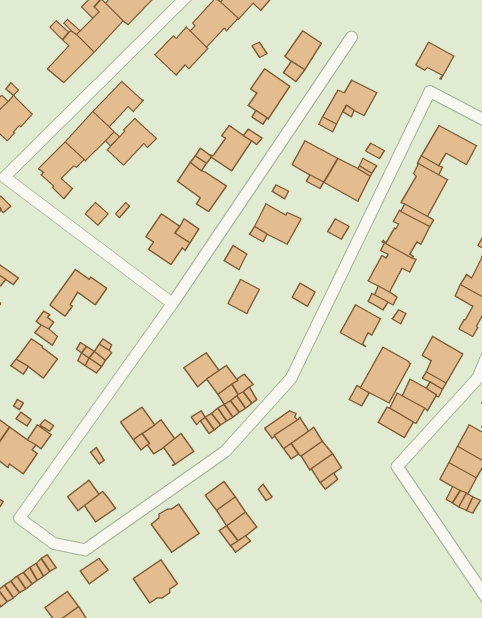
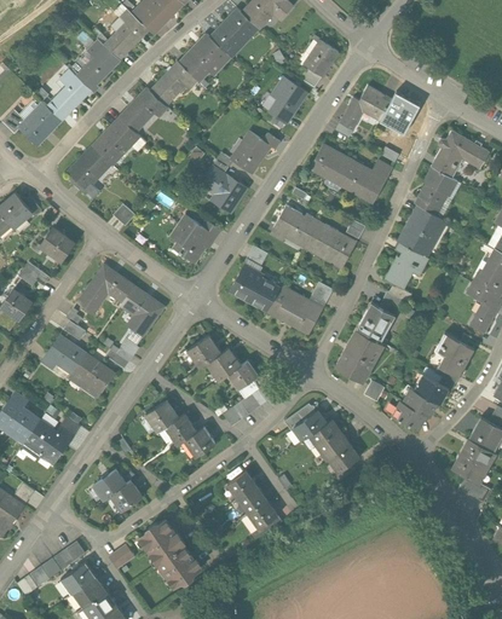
building: [416,42,454,79] -> [380,99,416,134]
building: none -> [47,69,92,121]
building: [107,118,156,165] -> [151,62,198,106]
building: none -> [305,222,356,266]
building: none -> [40,228,73,260]
building: none -> [230,265,264,301]
building: none -> [121,287,163,336]
building: none -> [267,287,323,334]
building: none -> [187,335,221,368]
building: [360,347,411,403] -> [335,329,383,382]
building: none -> [73,354,114,393]
building: [151,504,199,552] -> [139,519,185,565]
building: none -> [60,562,96,594]

